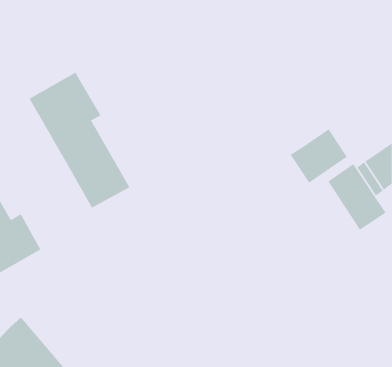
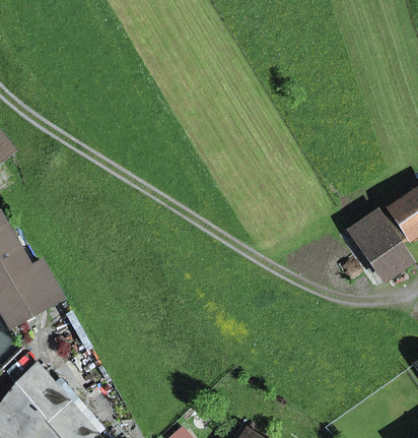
building: [29,72,130,209] -> none
building: [290,129,347,183] -> none

